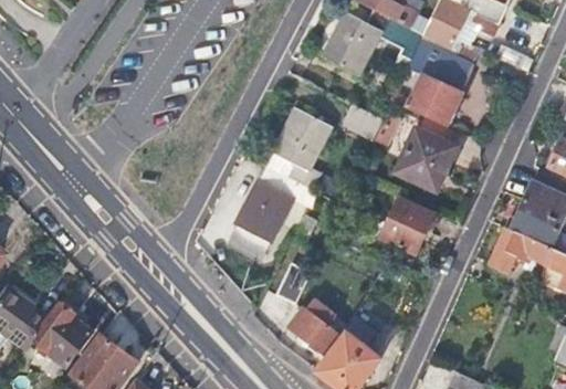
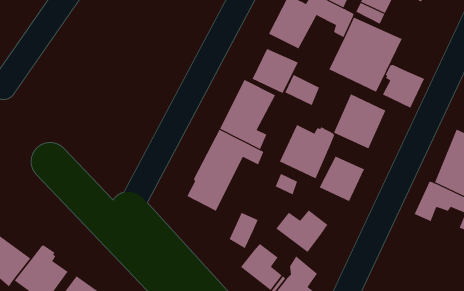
building: none -> [252,48,298,94]
building: none -> [382,64,425,108]
building: none -> [279,124,334,179]
building: none -> [275,209,328,253]

